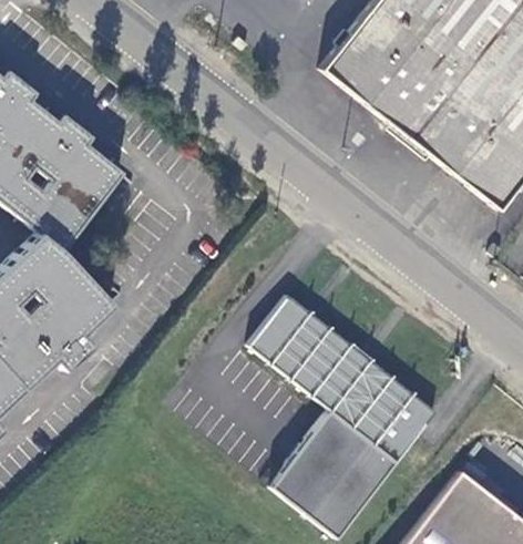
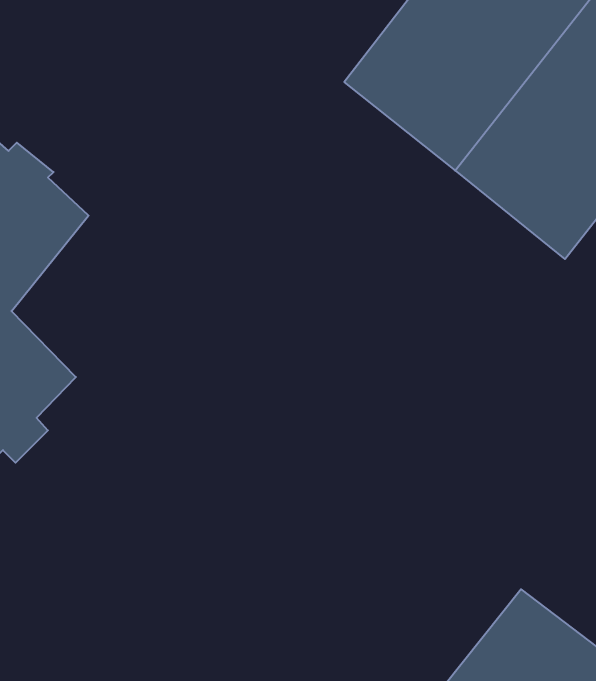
building: [247,290,433,534] -> none

